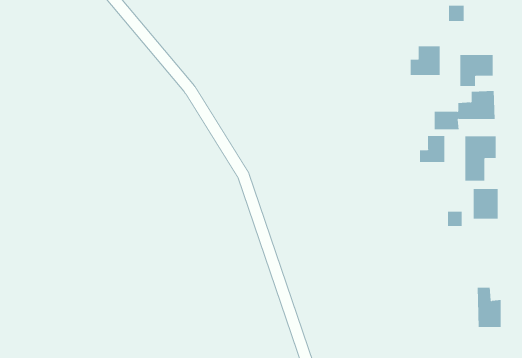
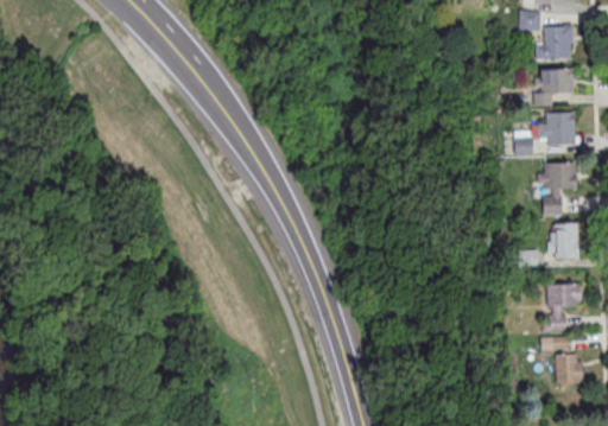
building: [410,46,441,76] -> [537,25,572,59]
building: [419,135,445,163] -> none
building: none -> [546,284,581,331]

